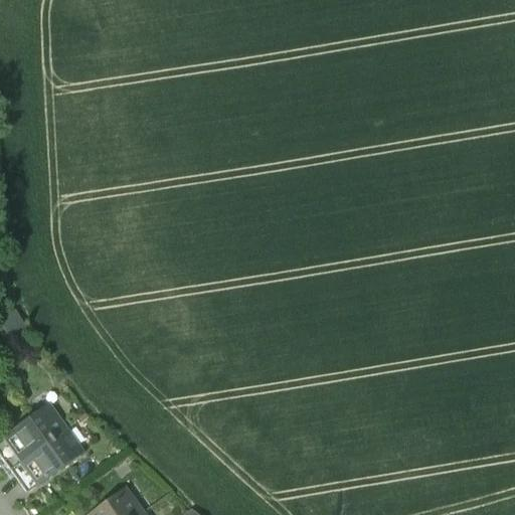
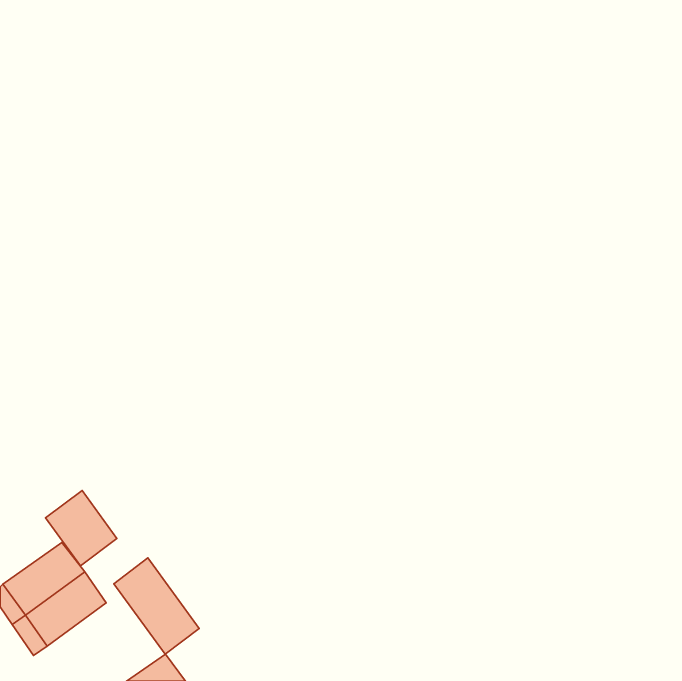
building: none -> [46,490,117,566]
building: none -> [114,558,199,654]

